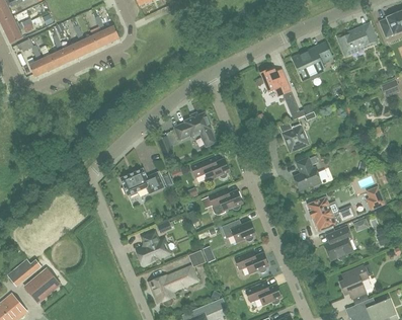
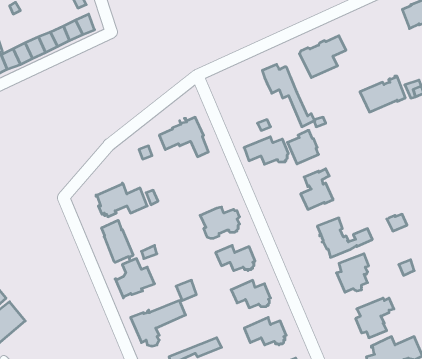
building: [338,23,377,54] -> [360,76,405,112]
building: [191,156,229,179] -> [244,137,288,164]
building: none -> [102,220,133,262]

